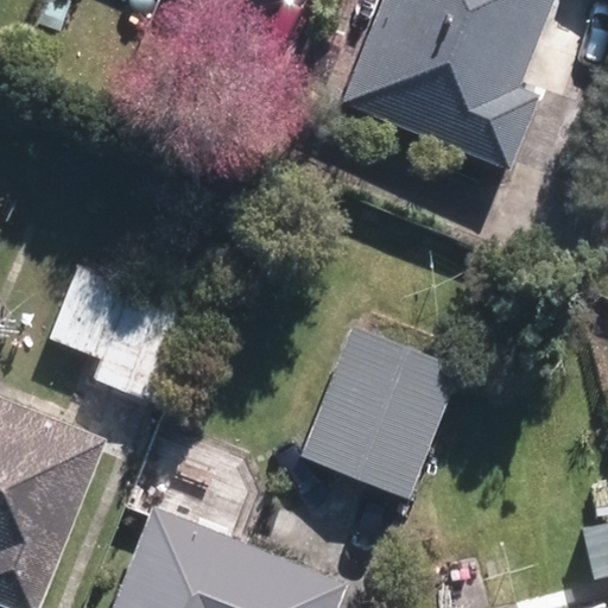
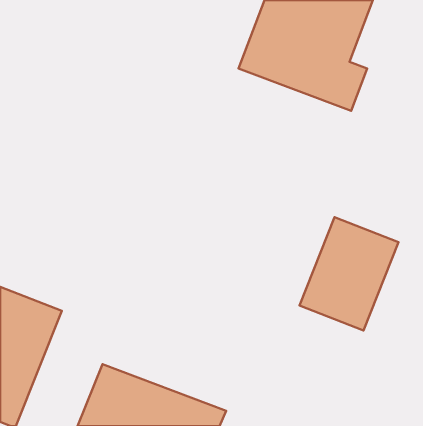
building: [52,268,186,400] -> none
building: [306,331,448,493] -> [299,217,399,331]

